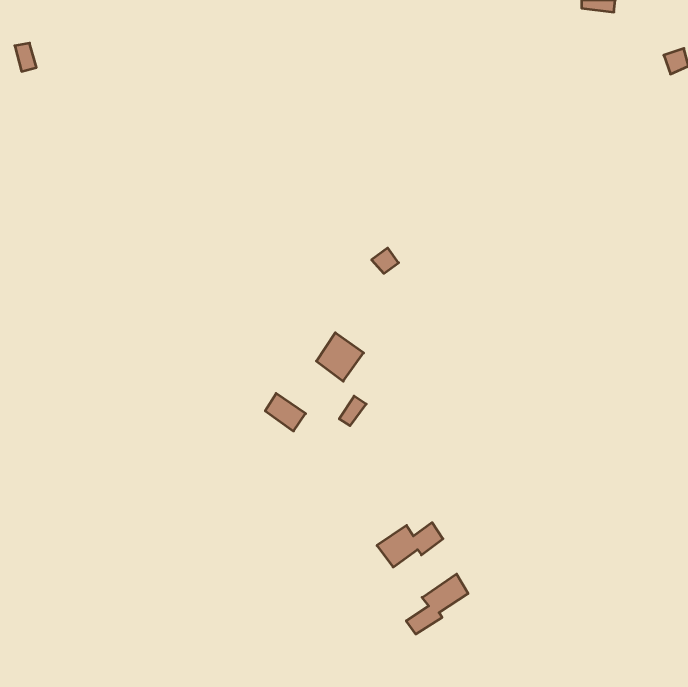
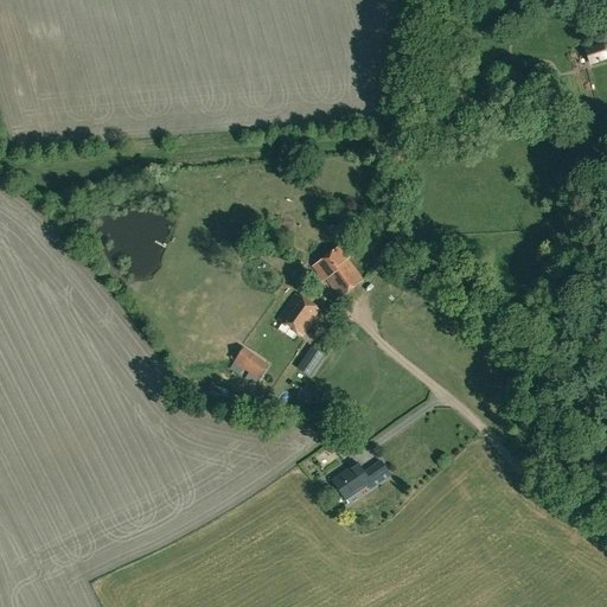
building: none -> [312,244,363,299]
building: [406,574,468,634] -> none

